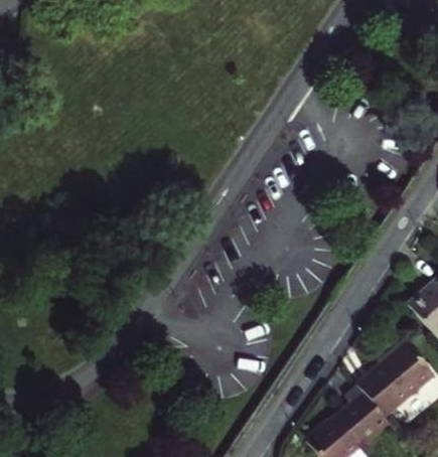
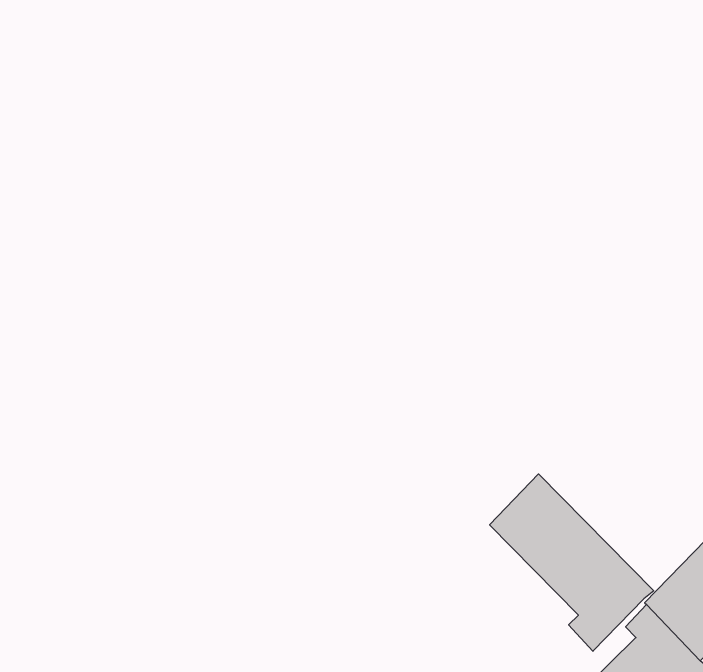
building: none -> [490,474,654,651]

